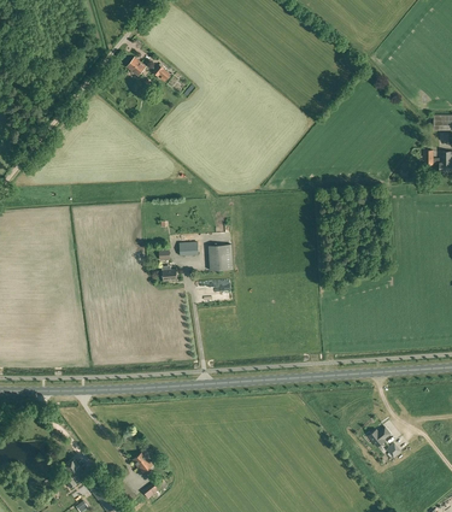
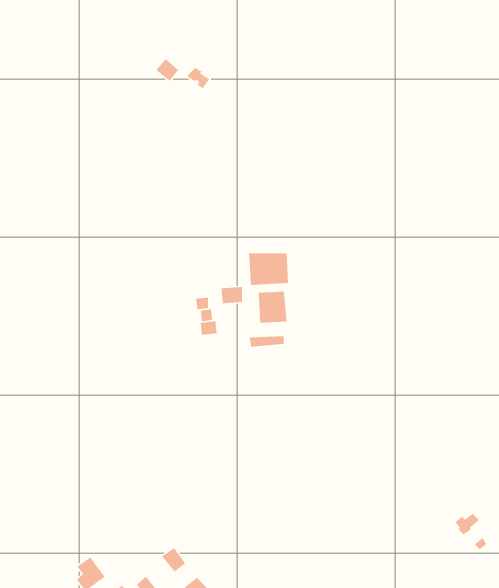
building: none -> [248,252,289,286]

